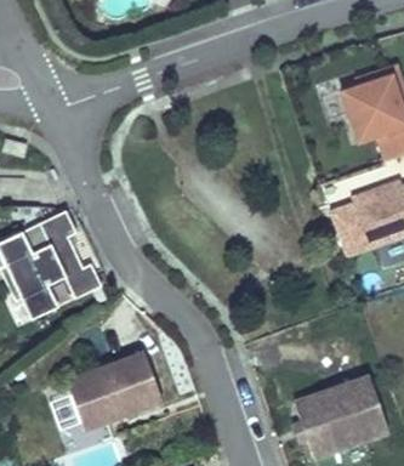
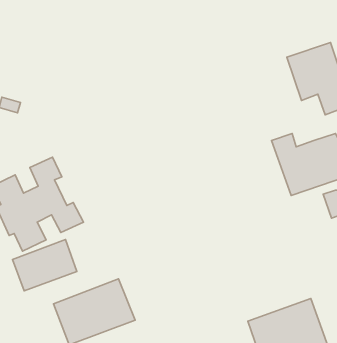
building: none -> [12,239,77,291]

